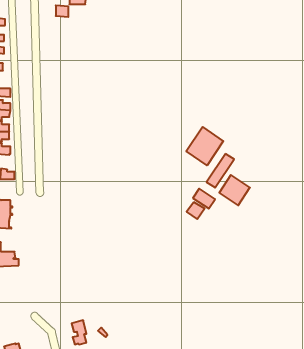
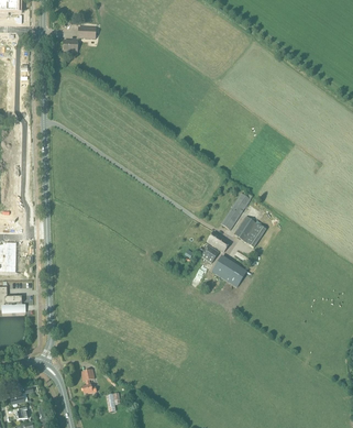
building: [186,127,223,165] -> none
building: none -> [210,255,244,286]

